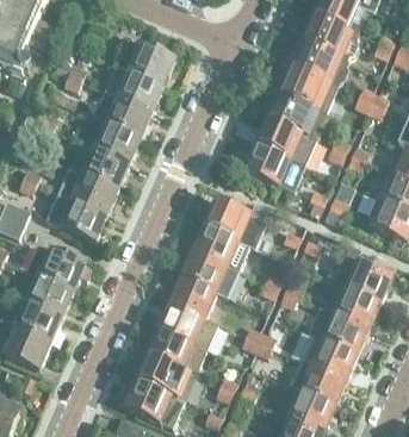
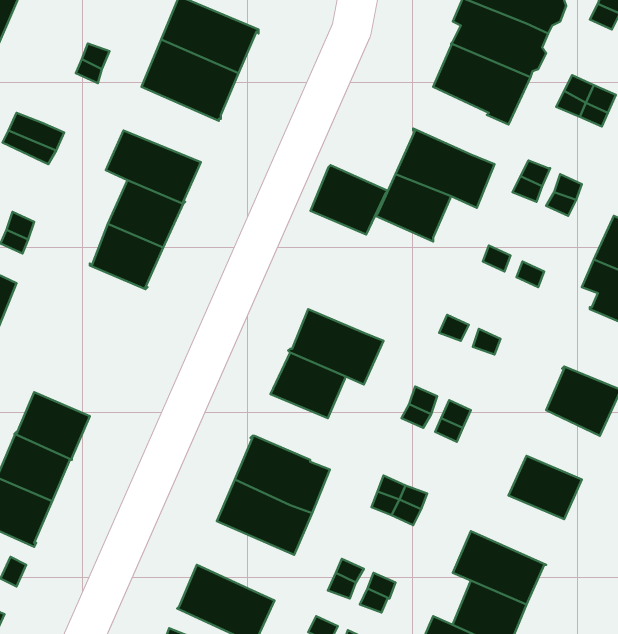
building: [93,94,150,139] -> none
building: [267,94,312,135] -> none
building: [47,195,106,243] -> none
building: [204,200,250,242] -> [311,165,388,235]
building: [26,245,91,292] -> none
building: [172,279,216,318] -> none
building: [334,288,379,330] -> none
building: [302,335,358,381] -> none
building: [137,355,196,402] -> none

